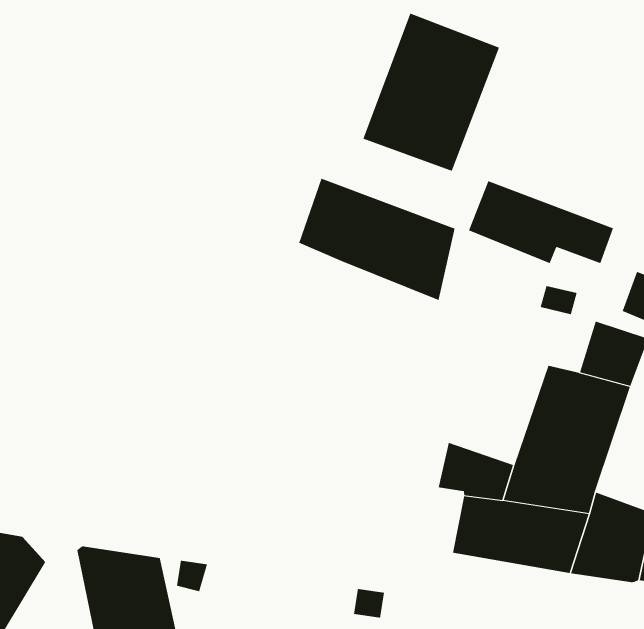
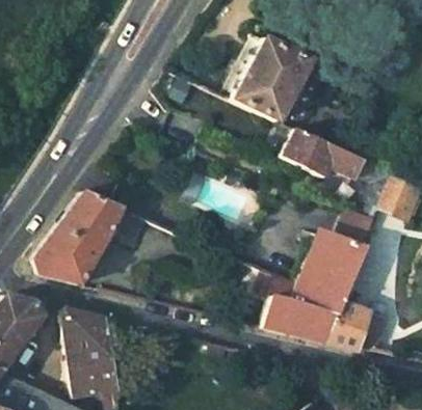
building: [298,178,455,301] -> none
building: none -> [33,191,148,284]

